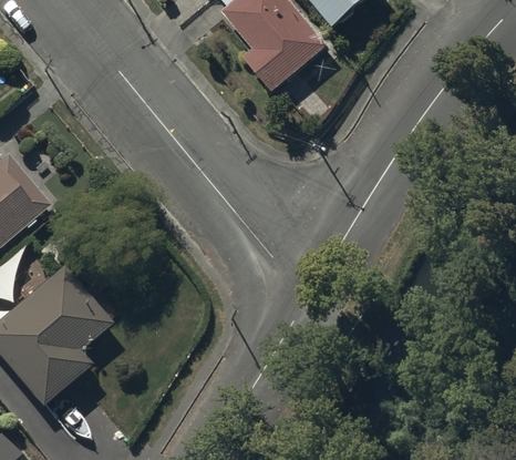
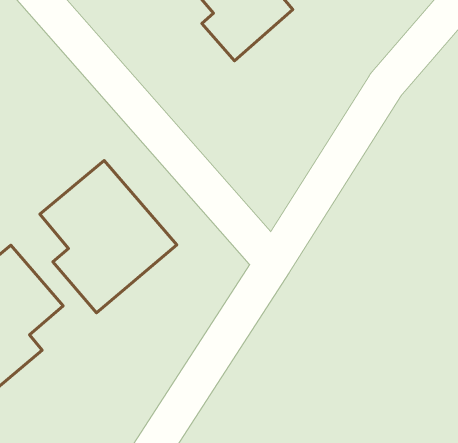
building: none -> [40,161,177,313]

